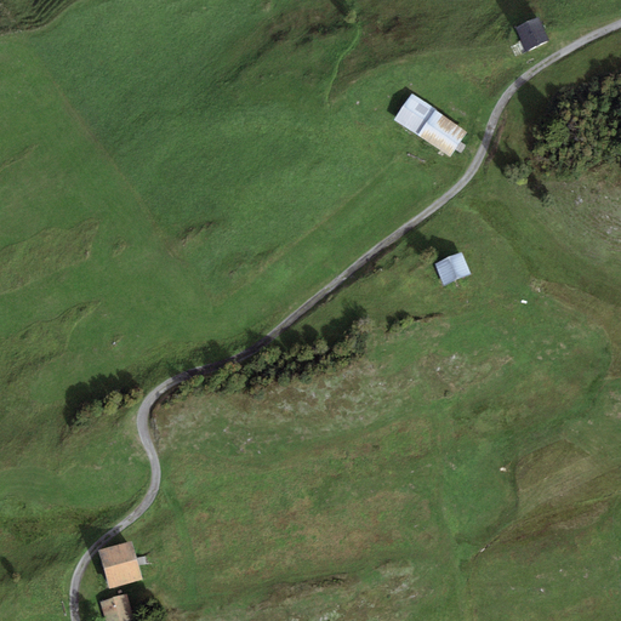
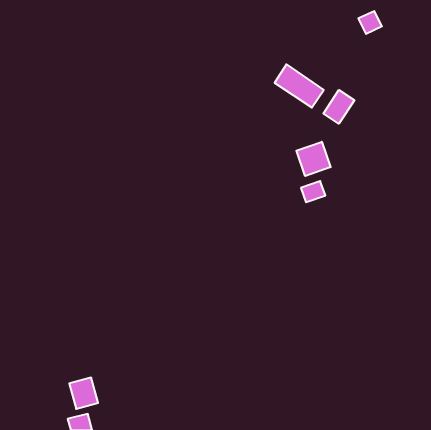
building: none -> [323,90,354,124]
building: none -> [296,142,331,176]

